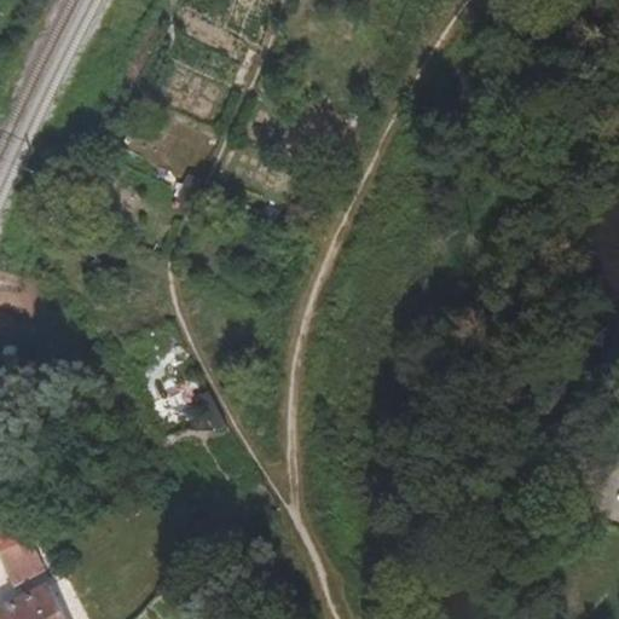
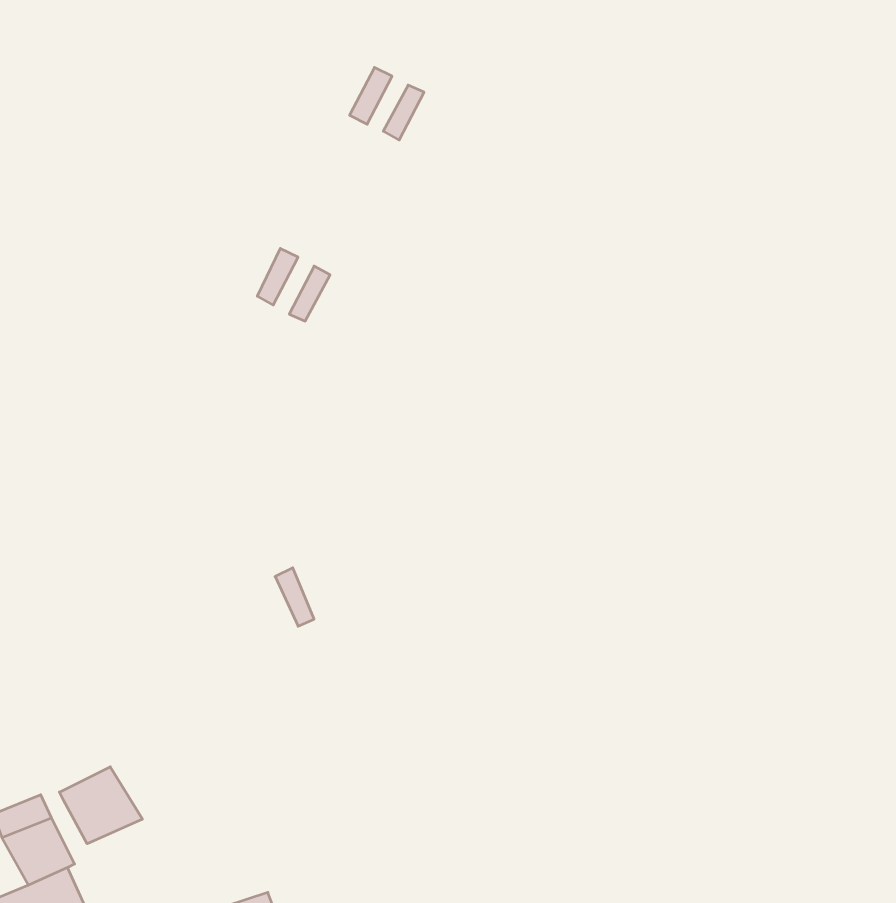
building: none -> [59,767,142,844]

